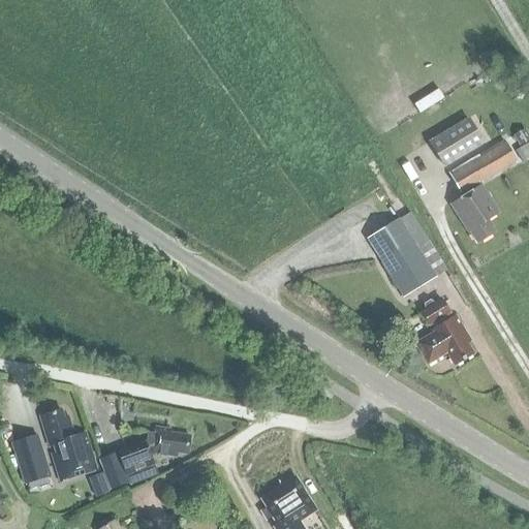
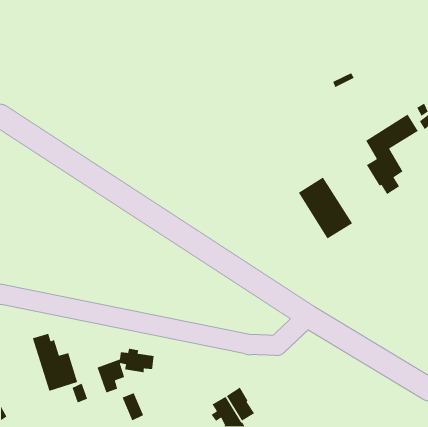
building: [429,116,485,165] -> none
building: [415,298,473,363] -> none
building: [13,434,50,480] -> none
building: [99,453,127,489] -> [122,392,144,421]

